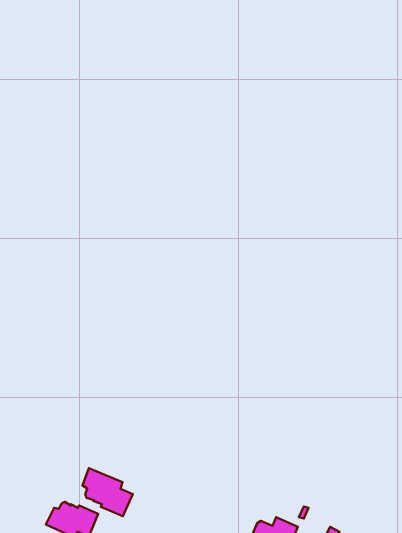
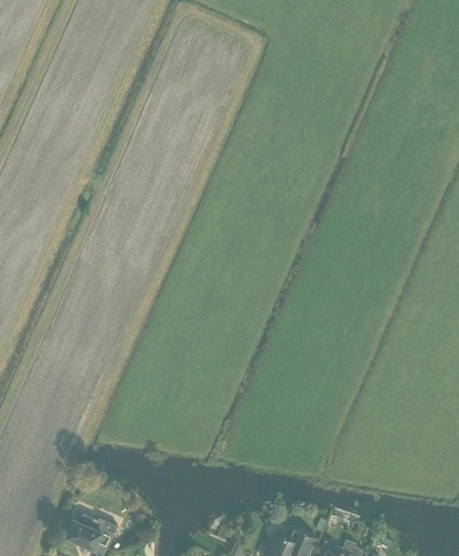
building: [83,468,133,516] -> none

